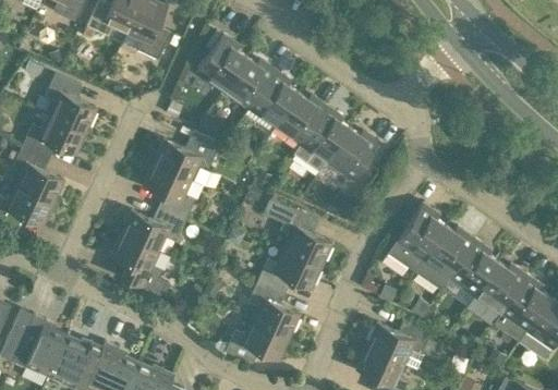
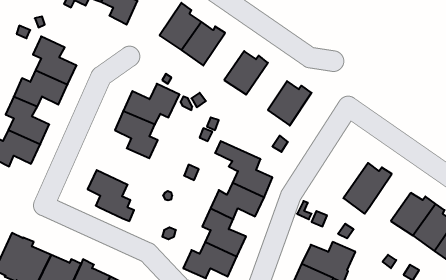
building: [248,70,298,126] -> none
building: [293,106,349,171] -> none
building: [389,203,446,268] -> none
building: [121,208,184,252] -> none
building: [448,239,497,295] -> none

